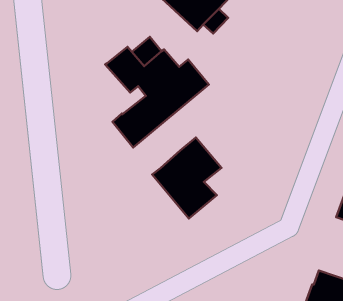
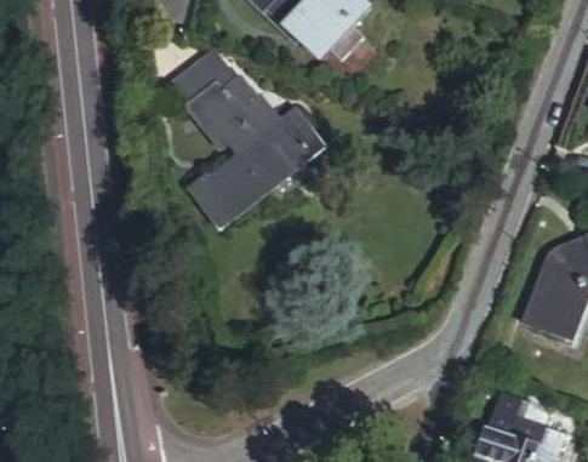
building: none -> [167,49,234,103]
building: [152,137,221,219] -> none

